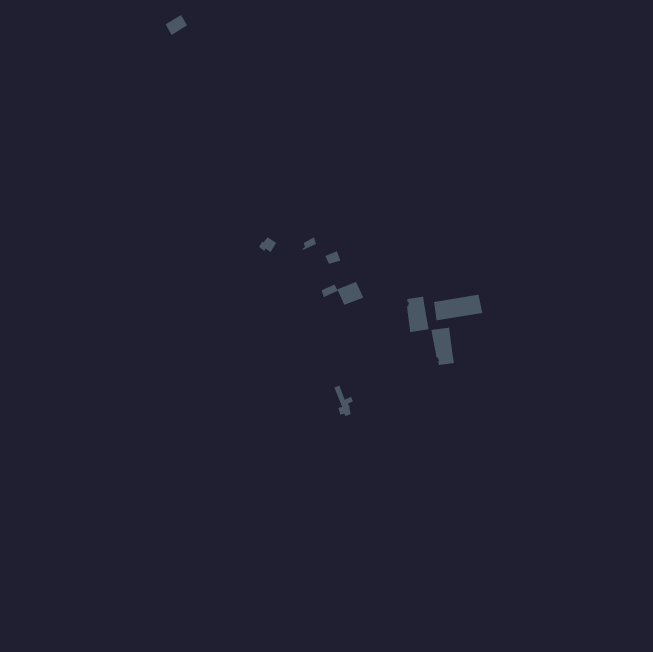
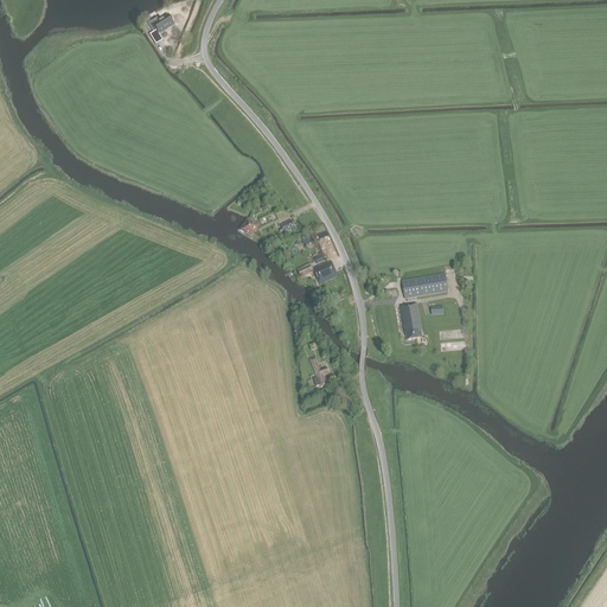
building: [407,296,429,333] -> none

